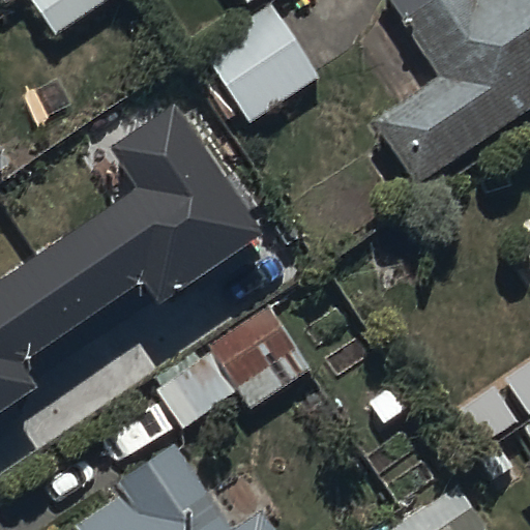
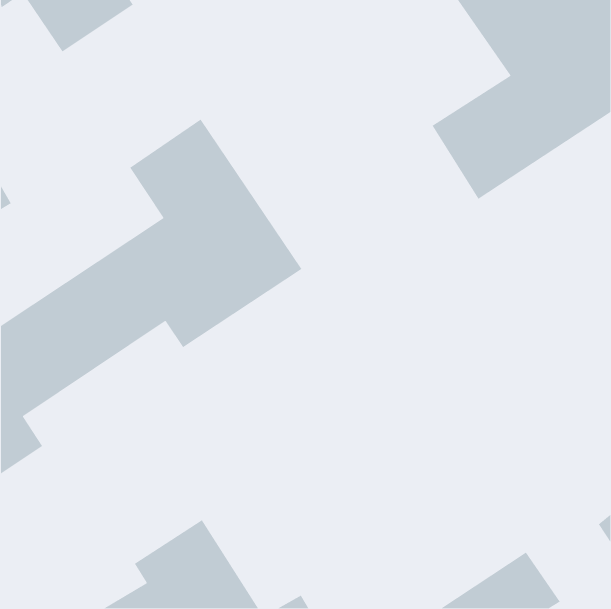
building: [200,9,318,129] -> none
building: [155,311,308,432] -> none

